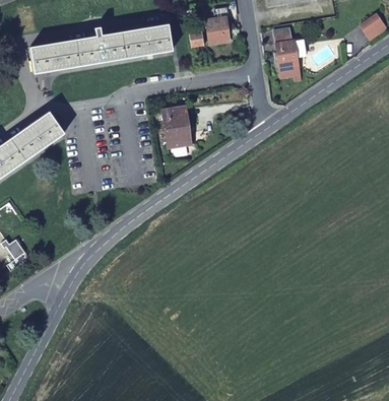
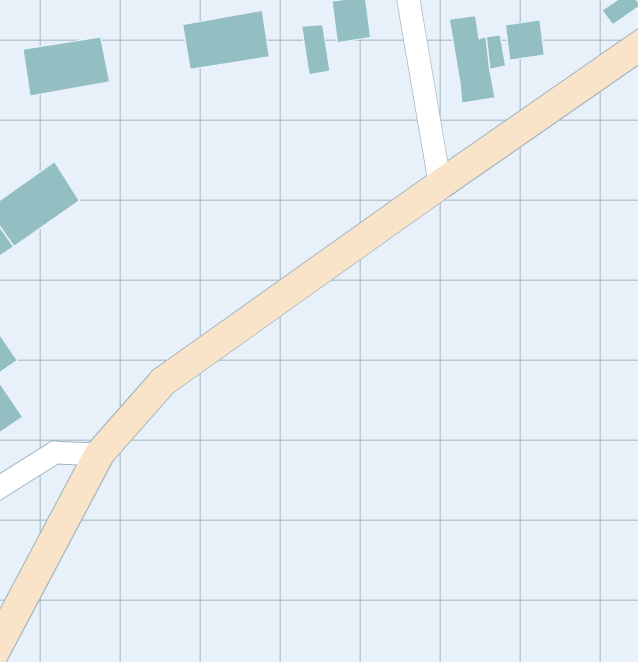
building: none -> [505,20,544,60]
building: [75,34,126,66] -> none
building: [164,107,190,147] -> none

